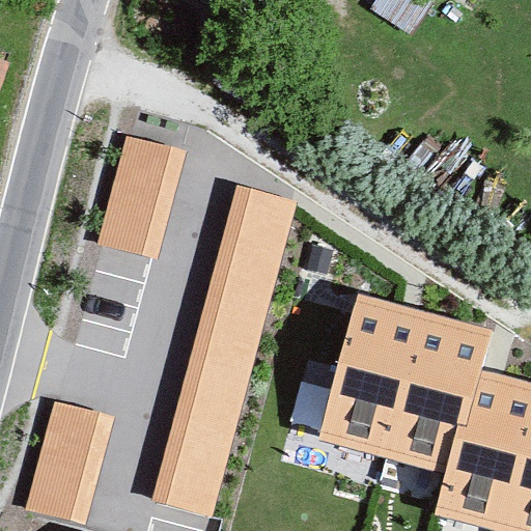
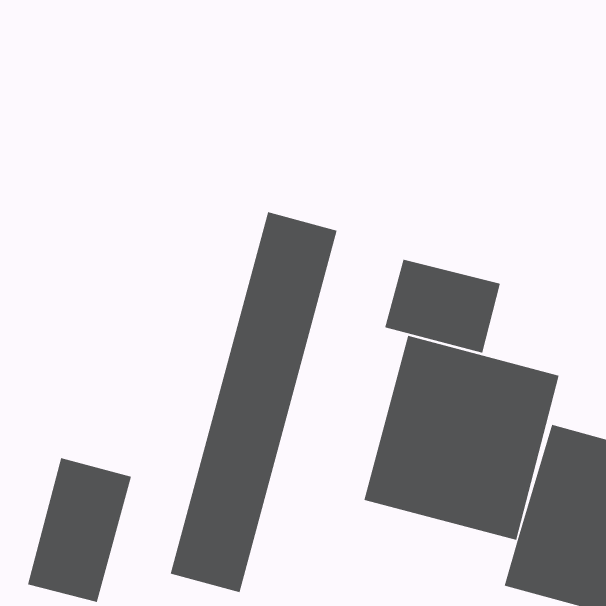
building: [96,135,189,262] -> none
building: none -> [385,259,501,353]

